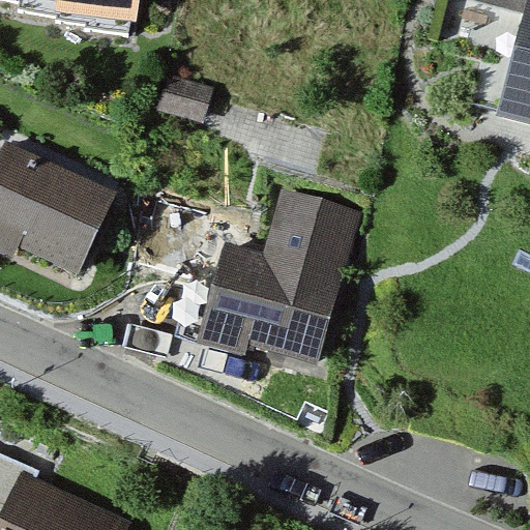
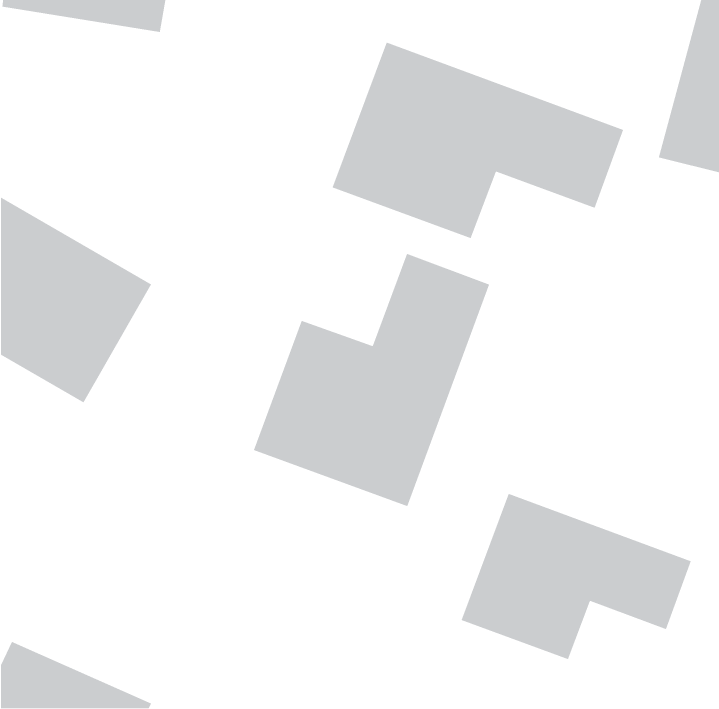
building: none -> [332,42,624,239]
building: none -> [461,493,692,660]

